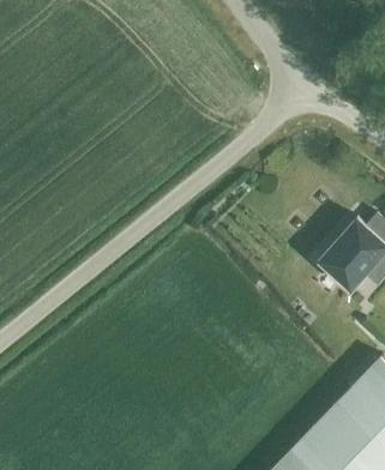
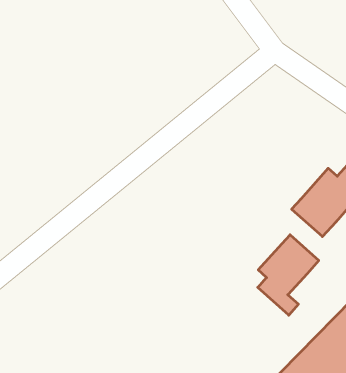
building: none -> [258,235,319,315]

